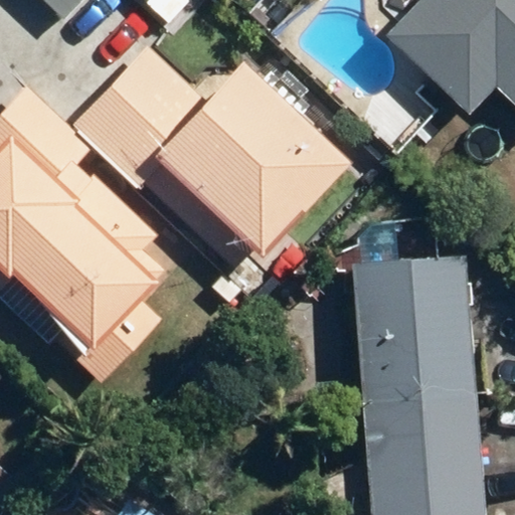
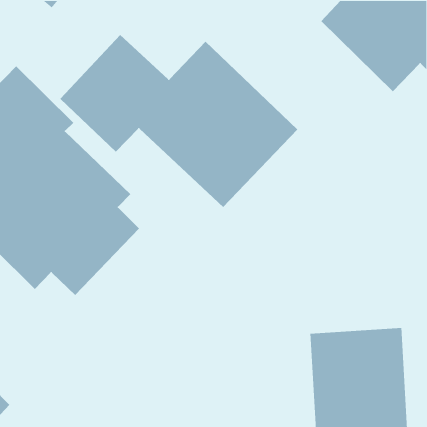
building: [354,221,475,403] -> none

